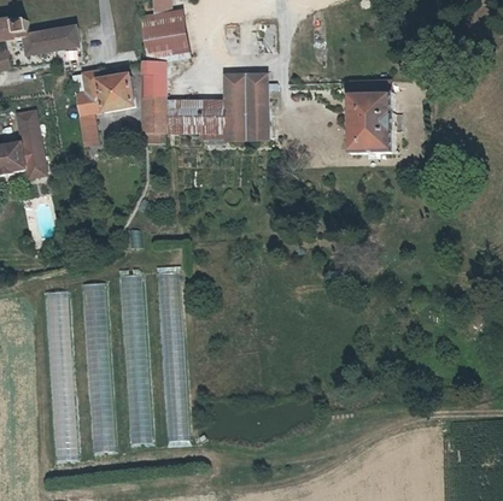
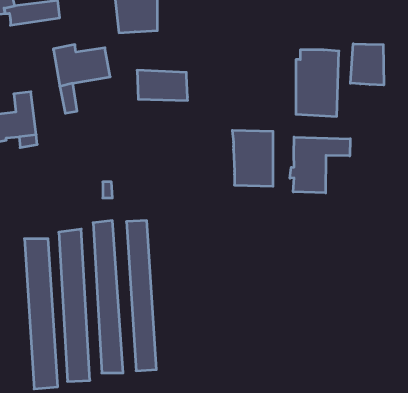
building: [141,55,169,141] -> none
building: none -> [350,44,384,85]
building: [221,83,267,146] -> [232,130,273,186]
building: none -> [290,137,350,193]

